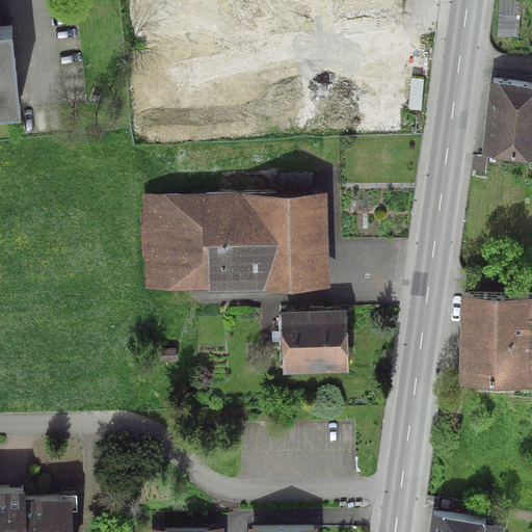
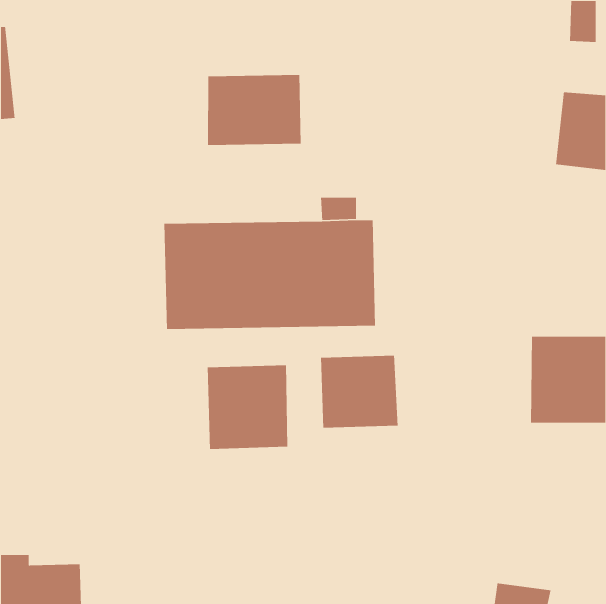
building: none -> [207,74,301,146]
building: none -> [207,364,288,450]

